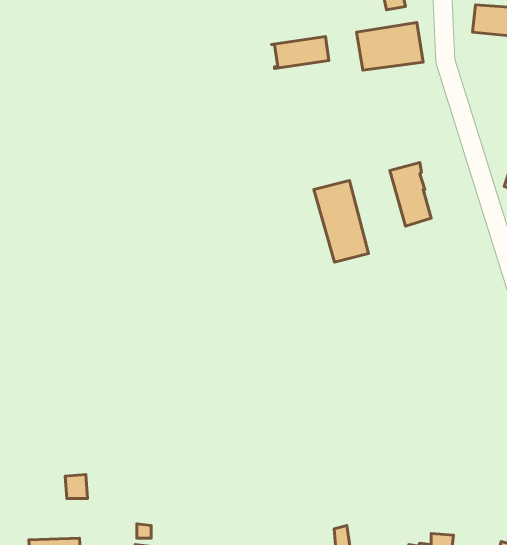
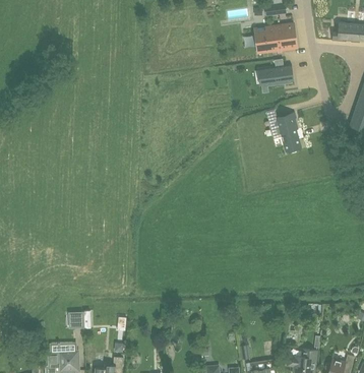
building: [271,37,329,68] -> [257,65,294,85]
building: [314,180,369,262] -> none

